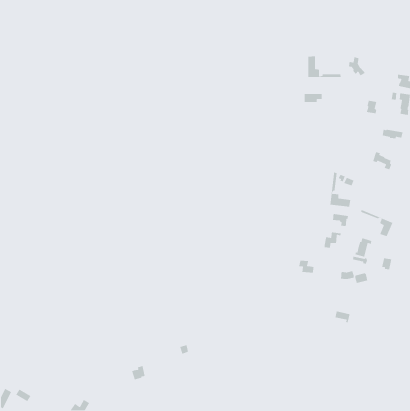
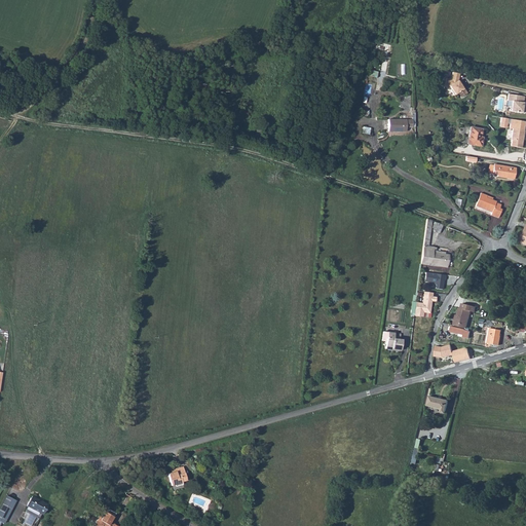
building: [308,56,342,78] -> none
building: [360,209,393,237] -> none

